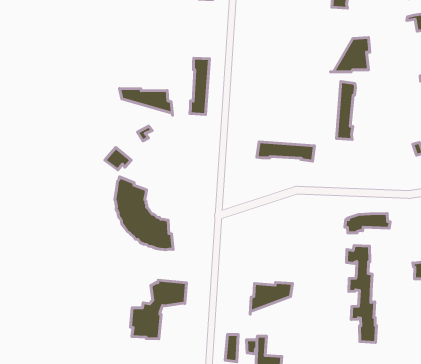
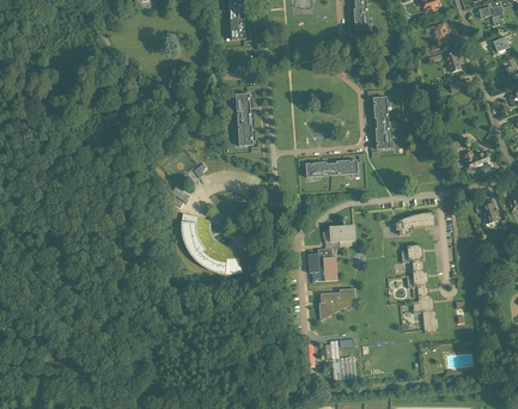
building: [330,38,370,72] -> none
building: [120,89,173,115] -> none
building: [131,280,187,339] -> [307,225,355,281]

